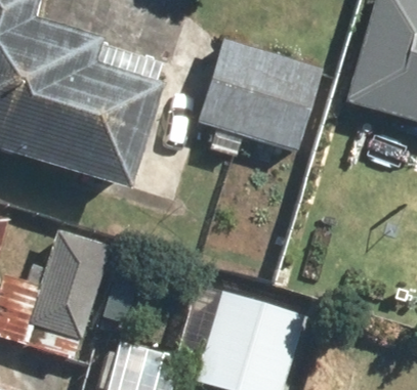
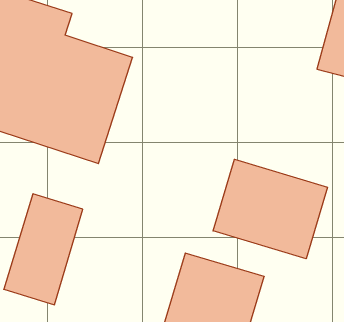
building: [195,38,323,154] -> none
building: none -> [213,159,328,259]

